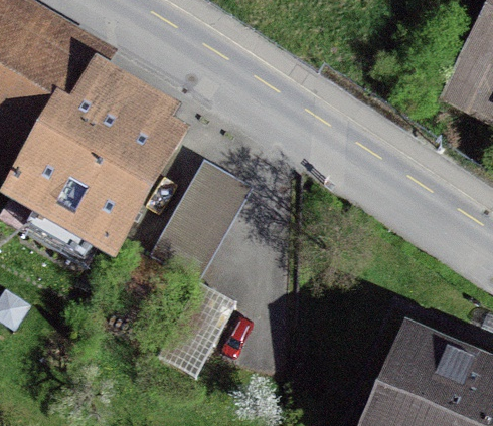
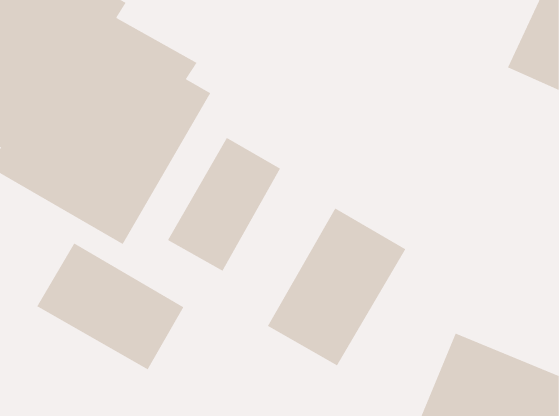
building: none -> [267,208,406,366]
building: none -> [37,242,184,370]

